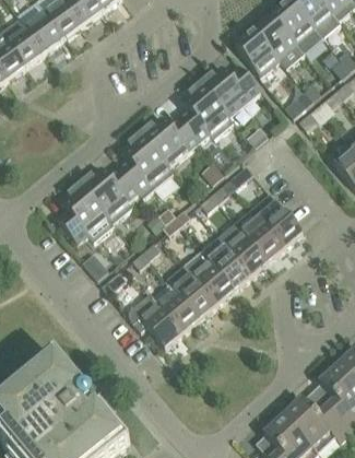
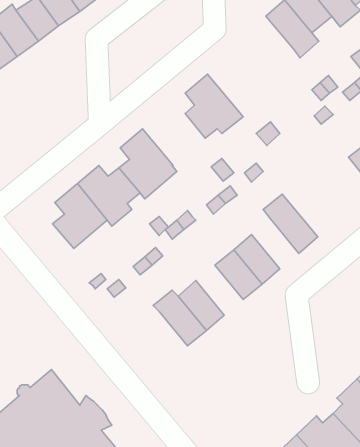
building: [237,26,282,72] -> none
building: [203,63,262,114] -> none
building: [143,114,201,164] -> none
building: [244,213,287,259] -> none
building: [186,247,236,302] -> none
building: [131,291,185,345] -> none

